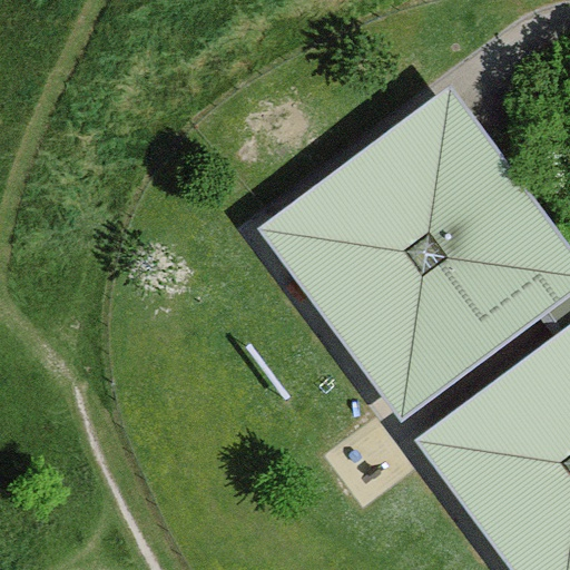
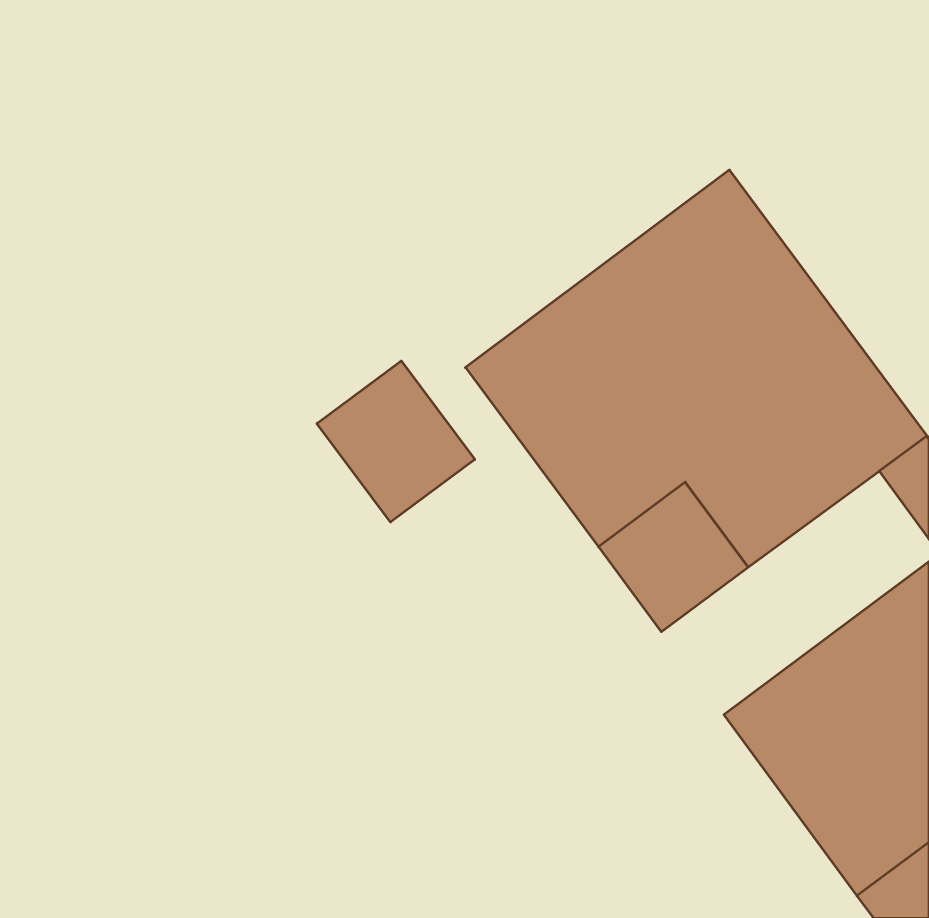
building: none -> [317,361,475,522]

